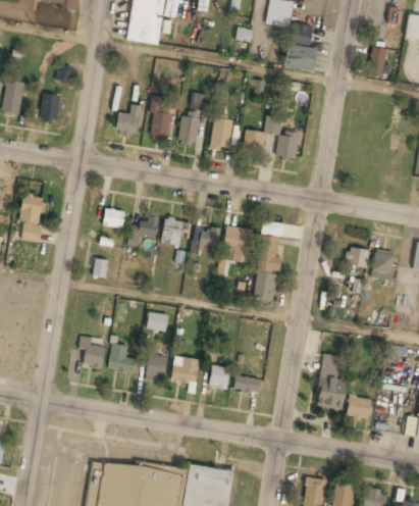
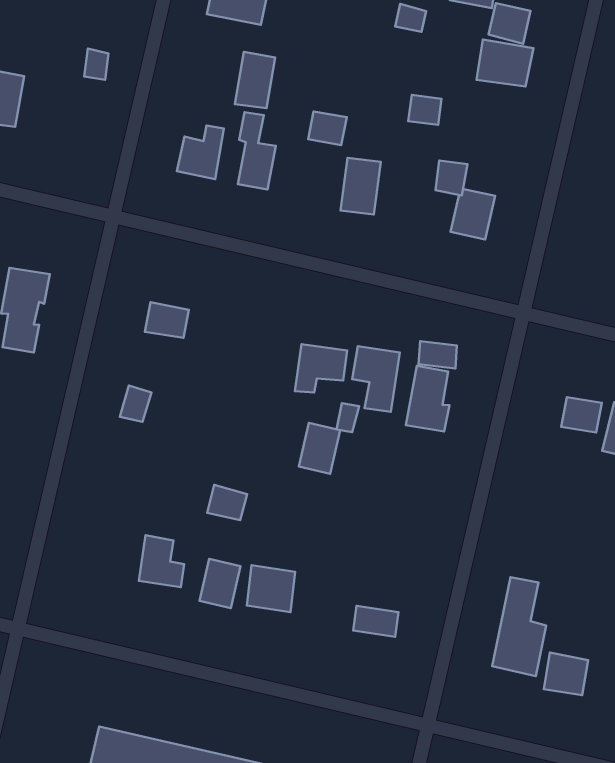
building: [41,94,60,119] -> none
building: [178,113,200,145] -> [235,52,275,108]
building: [243,130,266,153] -> none
building: [129,218,158,240] -> none
building: [162,219,190,246] -> none
building: [254,271,276,300] -> [299,423,340,474]
building: [80,337,104,368] -> none
building: [210,366,229,389] -> none

